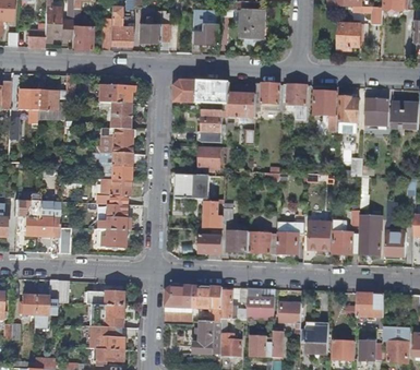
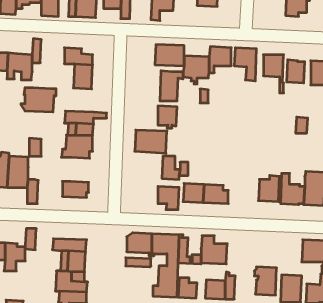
building: [173,80,197,109] -> none
building: [95,128,133,154] -> [21,88,56,112]
building: [105,203,125,230] -> none
building: [276,222,304,255] -> none
building: [279,302,301,329] -> none

